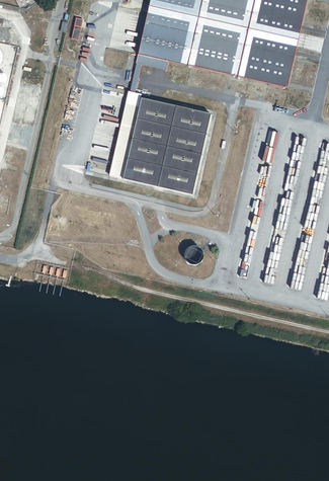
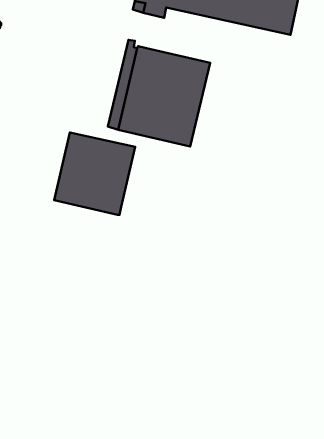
building: none -> [54,132,135,215]

